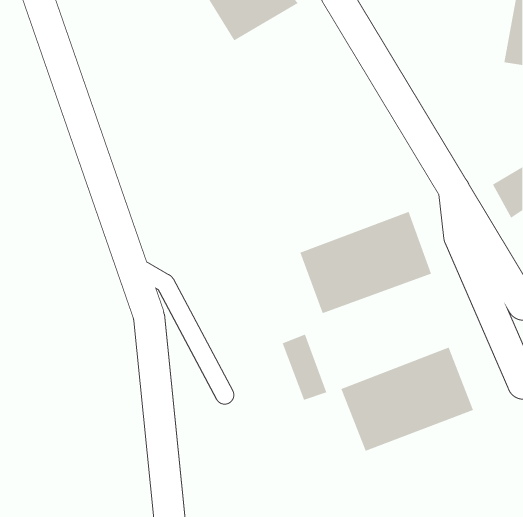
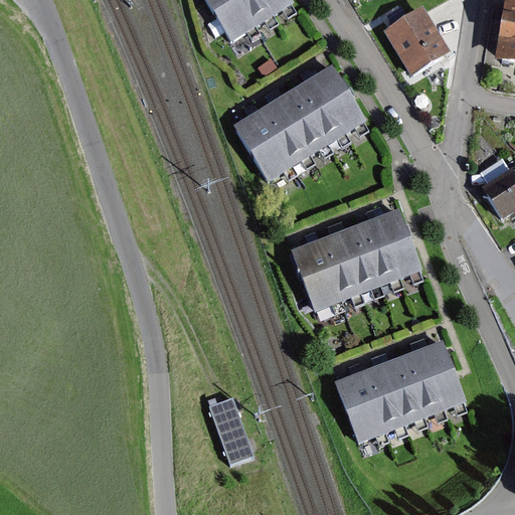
building: none -> [382,8,449,81]
building: none -> [232,64,365,179]
building: [282,334,327,401] -> [209,397,253,463]

